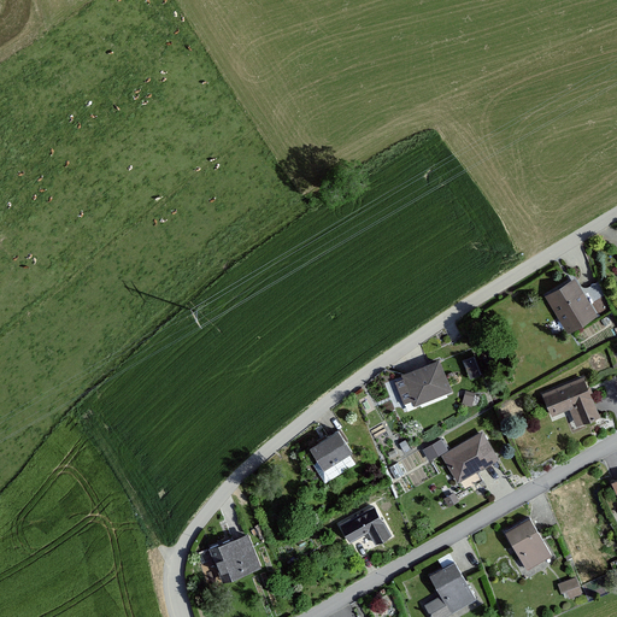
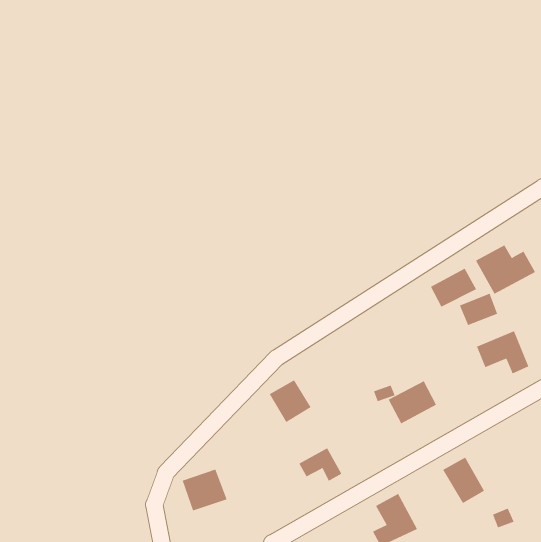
building: none -> [430,268,477,308]
building: none -> [459,293,498,326]
building: [392,358,452,409] -> none

